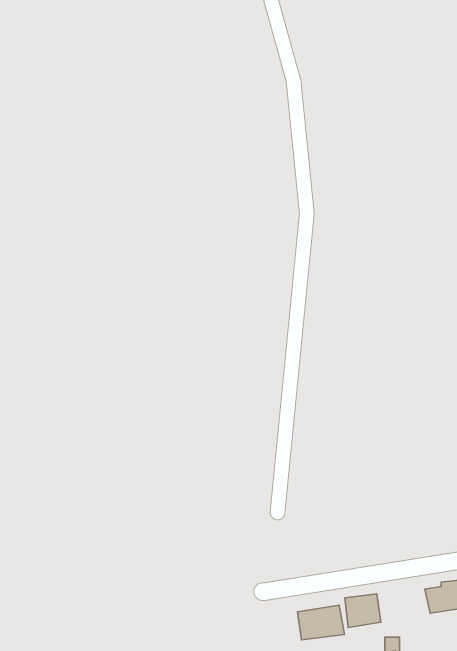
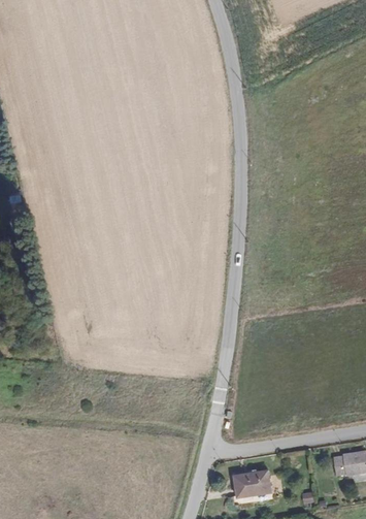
building: [345,594,381,628] -> none

